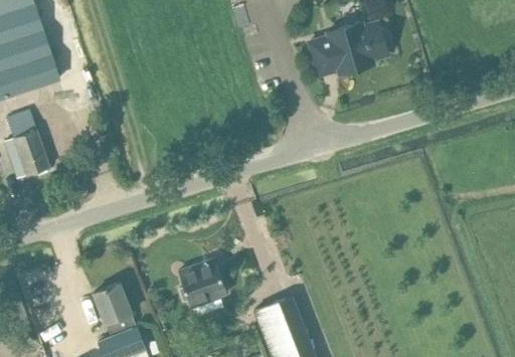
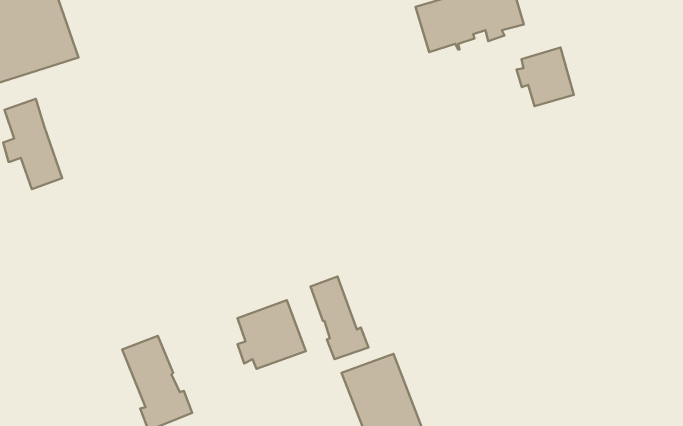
building: none -> [516,48,574,106]
building: none -> [311,276,368,359]

